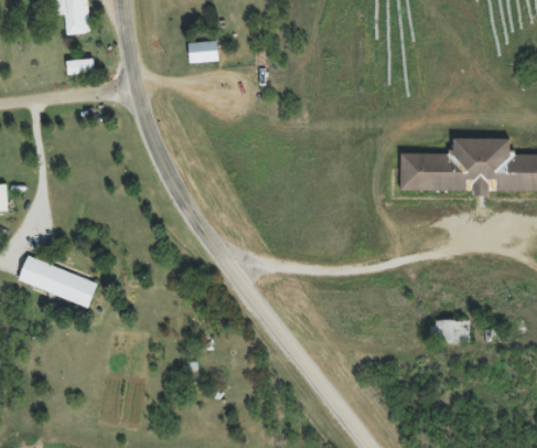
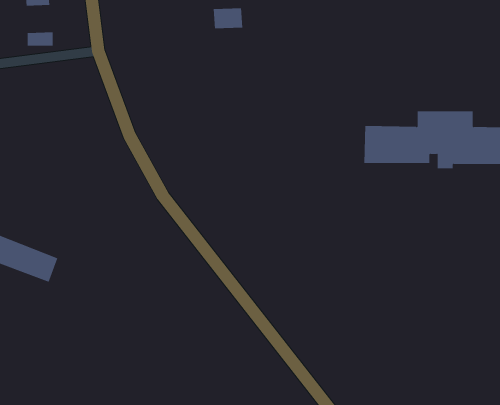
building: [189,42,218,63] -> [213,8,243,29]
building: [430,320,470,341] -> none

